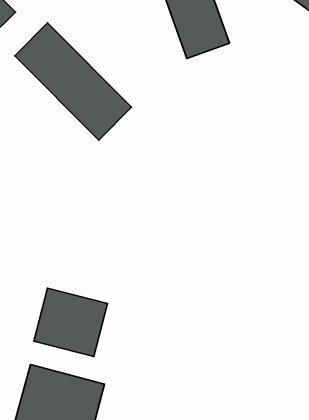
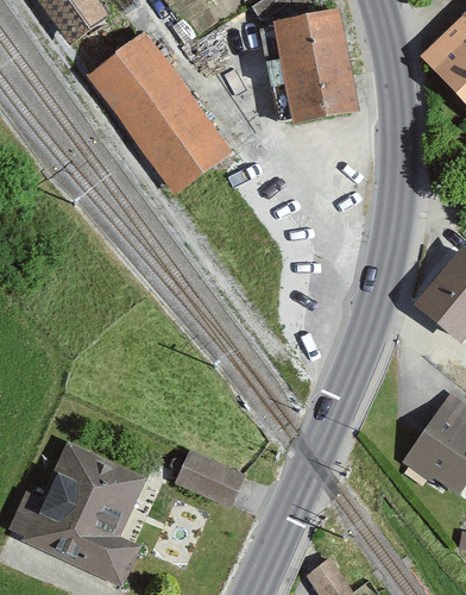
building: [34,288,107,356] -> none
building: none -> [177,451,241,499]

